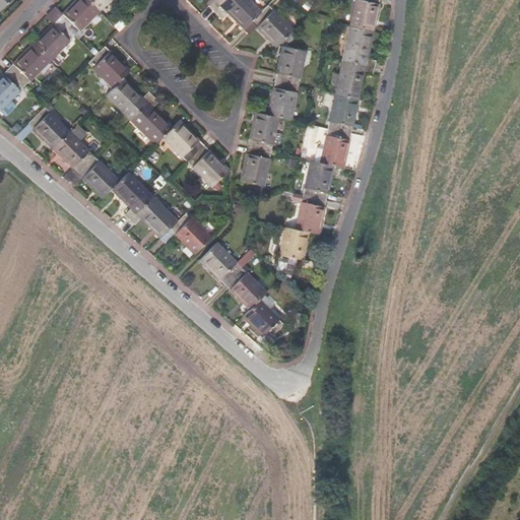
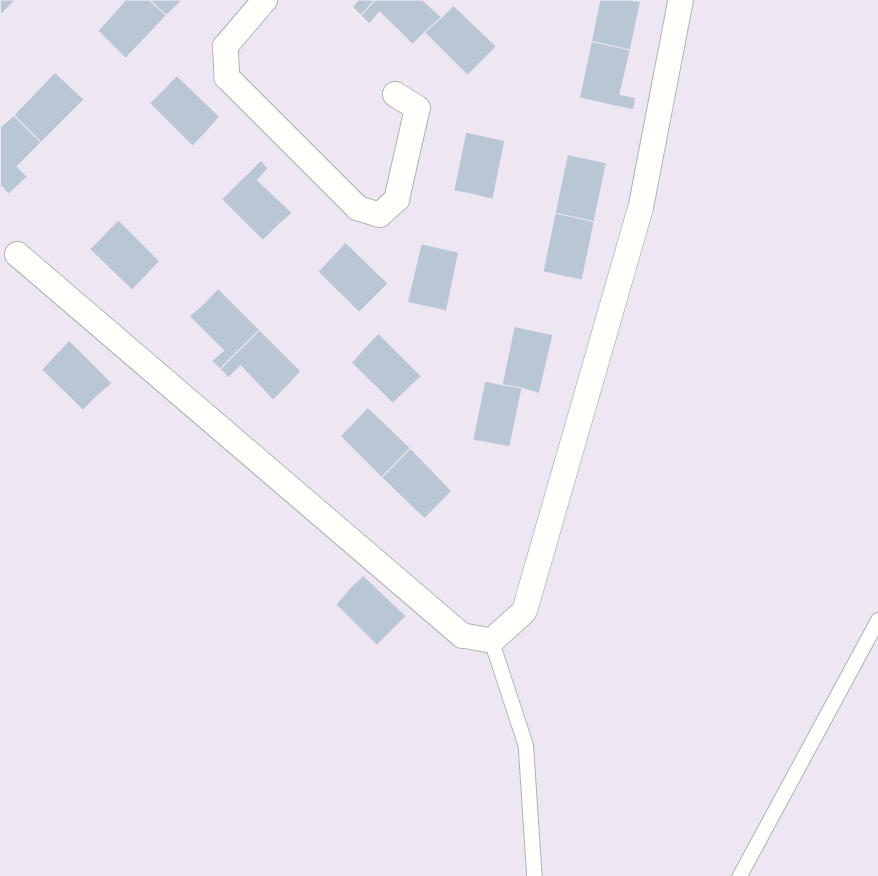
building: [32,19,74,60] -> none
building: [275,45,306,84] -> none
building: [335,59,375,98] -> none
building: [107,78,154,119] -> none
building: [28,107,70,148] -> none
building: [249,111,279,150] -> none
building: [162,120,204,161] -> none
building: [78,155,120,197] -> [42,340,112,411]
building: [304,159,334,199] -> none
building: [171,211,212,253] -> [351,333,422,404]
building: [244,299,285,340] -> [336,575,406,646]

